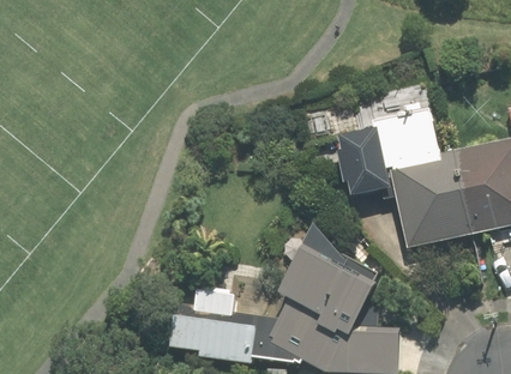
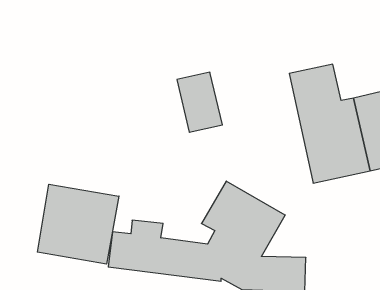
building: [338,128,391,198] -> [177,72,222,132]
building: none -> [37,184,119,264]

